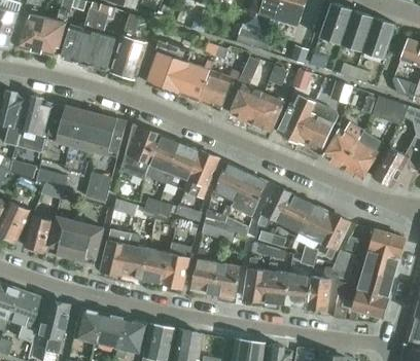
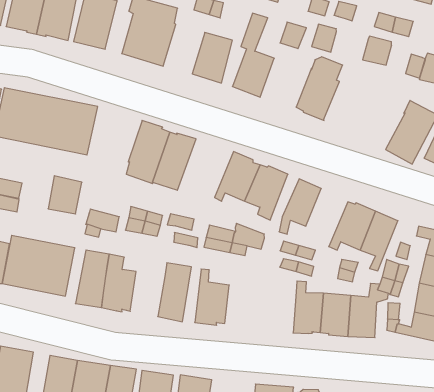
building: [178,63,211,101] -> none
building: [250,93,284,130] -> none
building: [297,101,337,148] -> none
building: [323,122,363,167] -> none
building: [120,123,160,180] -> none
building: [183,150,218,196] -> none
building: [279,193,312,238] -> none
building: [142,240,170,283] -> none
building: [244,257,269,301] -> none
building: [213,262,241,297] -> none

